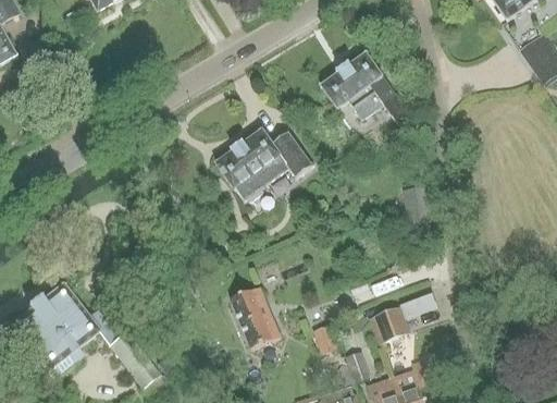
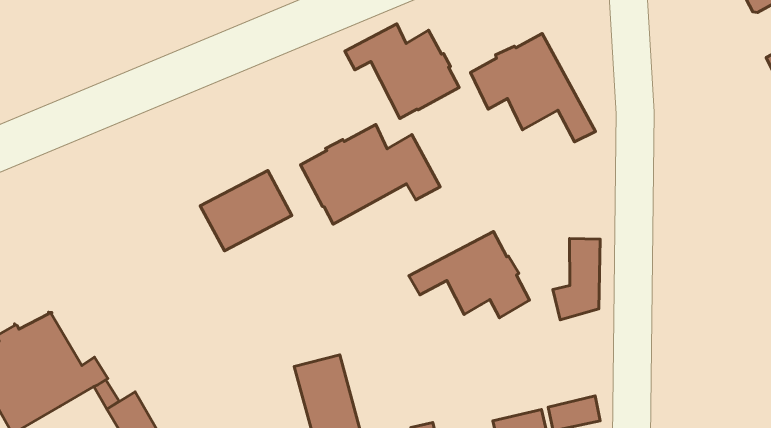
building: none -> [345,24,459,119]
building: none -> [200,171,292,251]
building: none -> [409,232,530,318]

